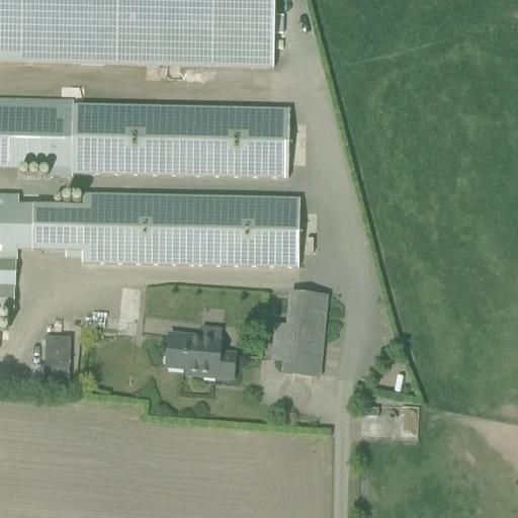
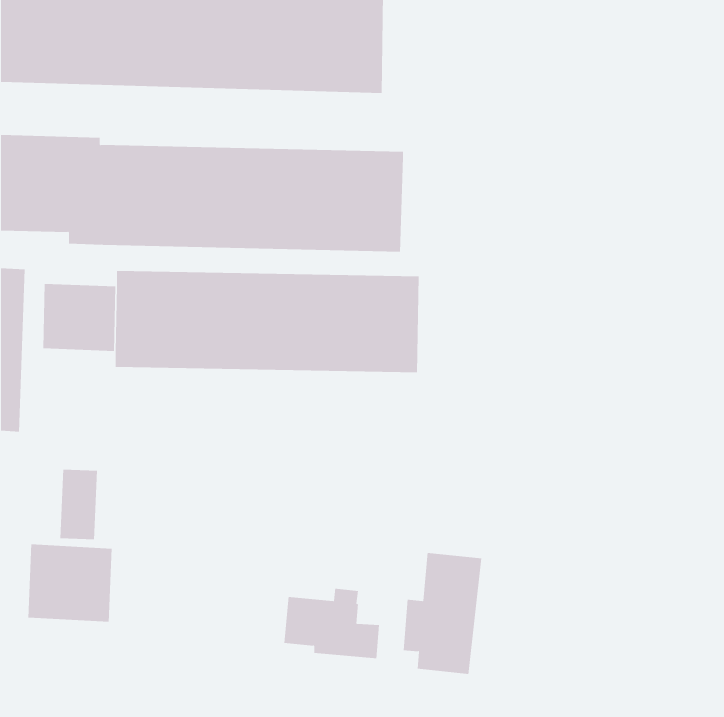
building: [271,289,328,376] -> [403,553,482,674]
building: [166,327,235,377] -> [284,588,380,659]
building: none -> [28,544,112,623]

